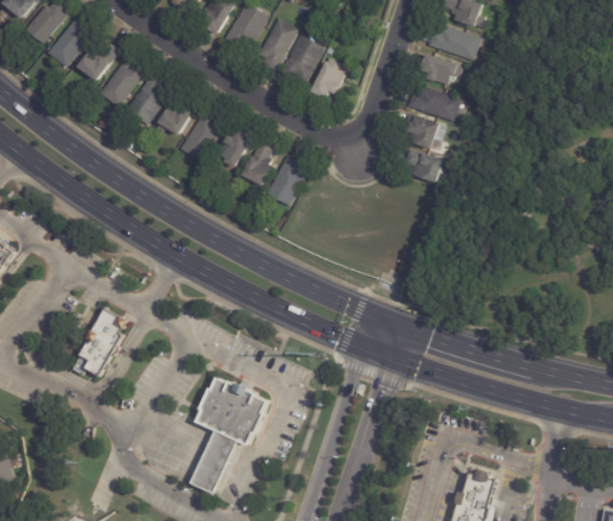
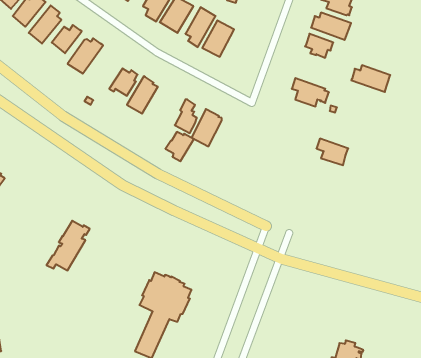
building: [311,56,344,101] -> none
building: [127,74,170,125] -> none
building: [408,86,461,122] -> [351,65,390,92]
building: [217,131,255,170] -> [165,132,194,161]
building: [405,150,448,186] -> [316,139,348,165]

